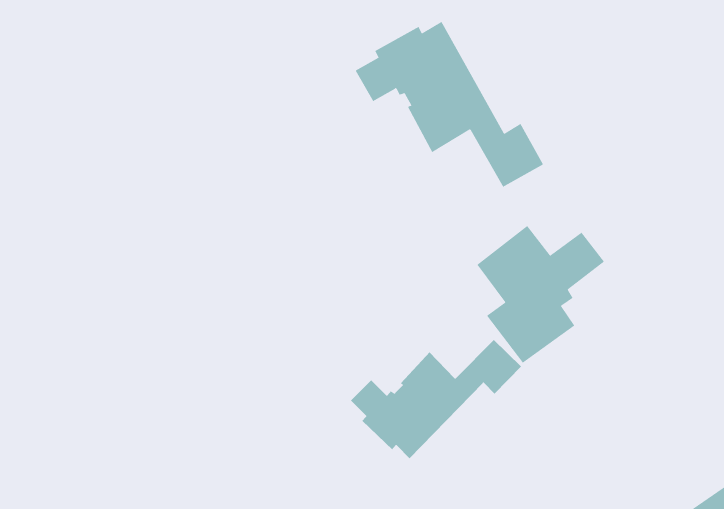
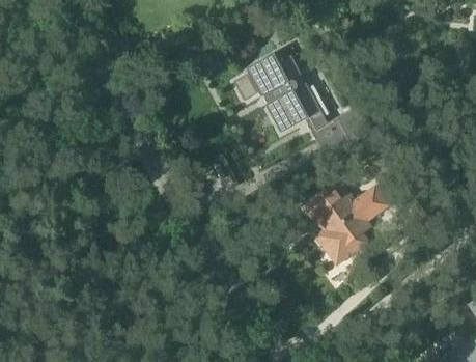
building: [350,339,522,459] -> none

